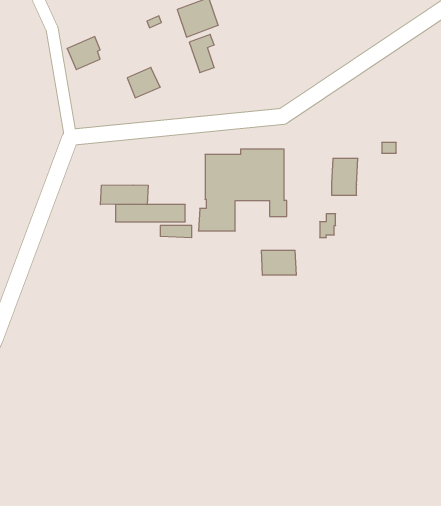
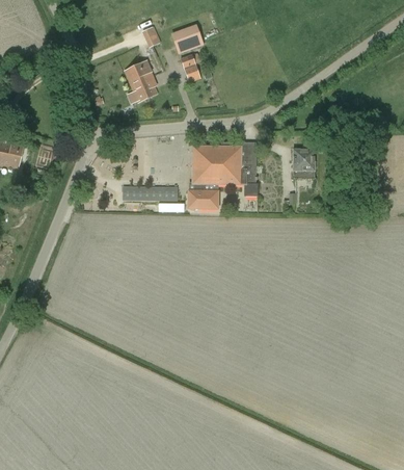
building: [67,37,100,70] -> [125,61,151,87]
building: [100,185,148,205] -> none
building: [261,250,296,275] -> none

